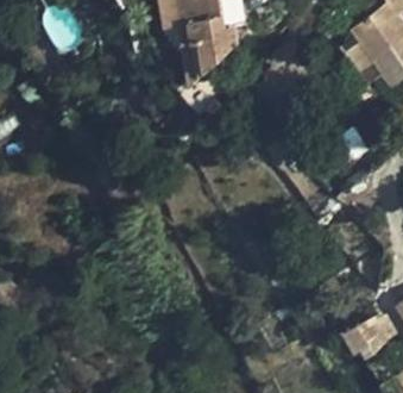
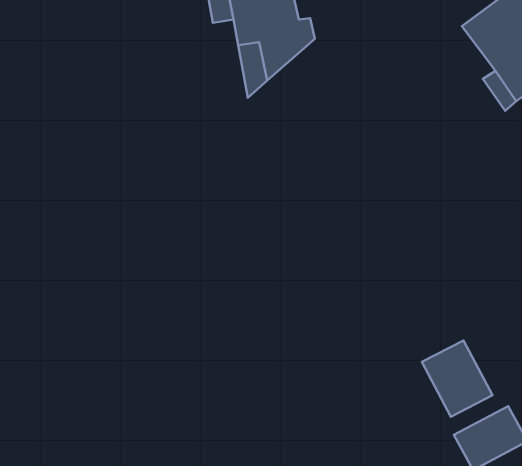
building: none -> [422,340,492,417]

